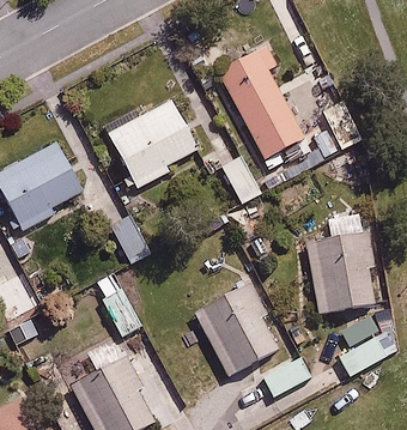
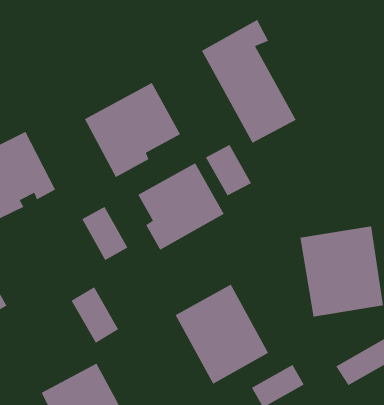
building: none -> [137,162,225,251]

